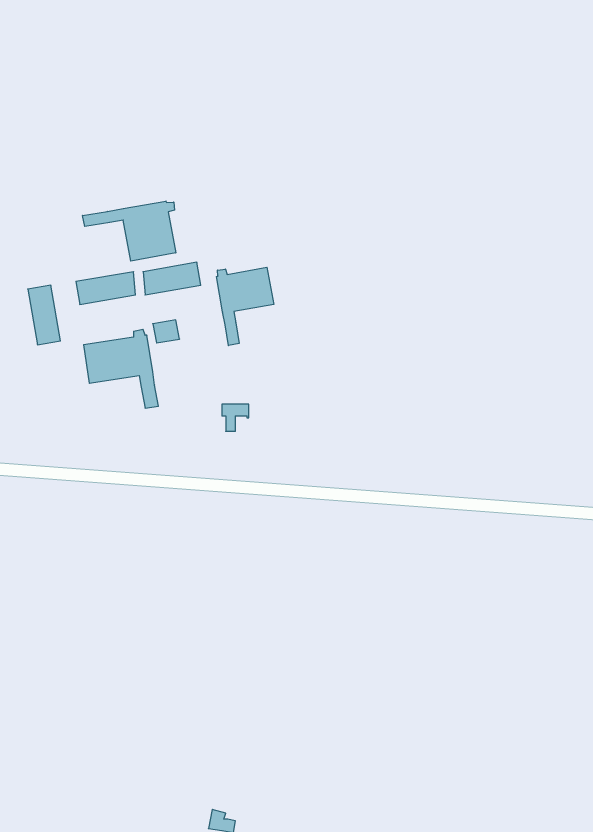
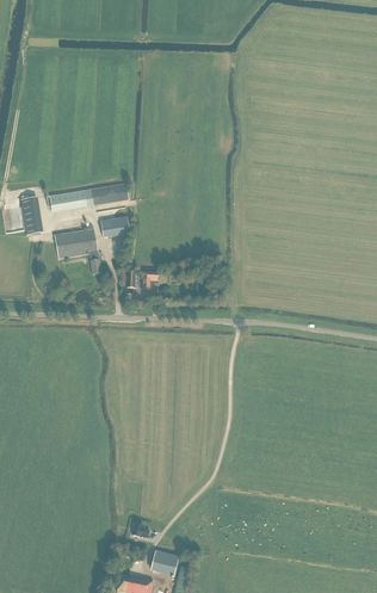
building: [83,201,176,261] -> none
building: [216,267,274,346] -> none

